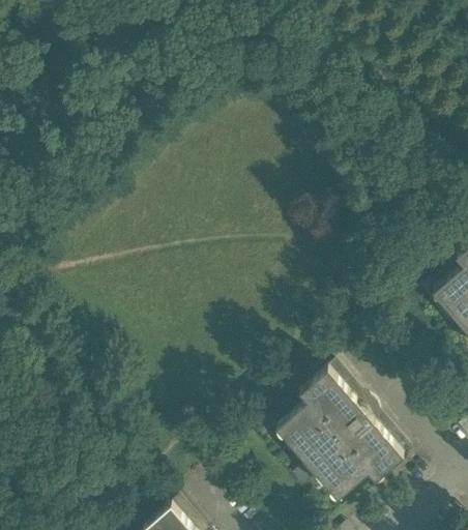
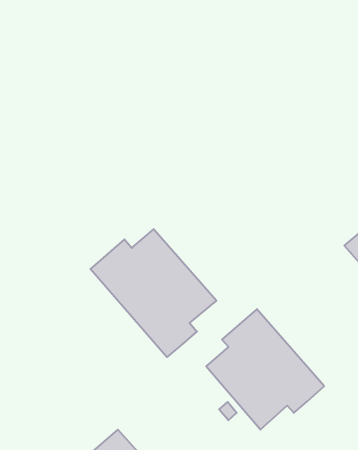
building: none -> [90,229,216,357]

